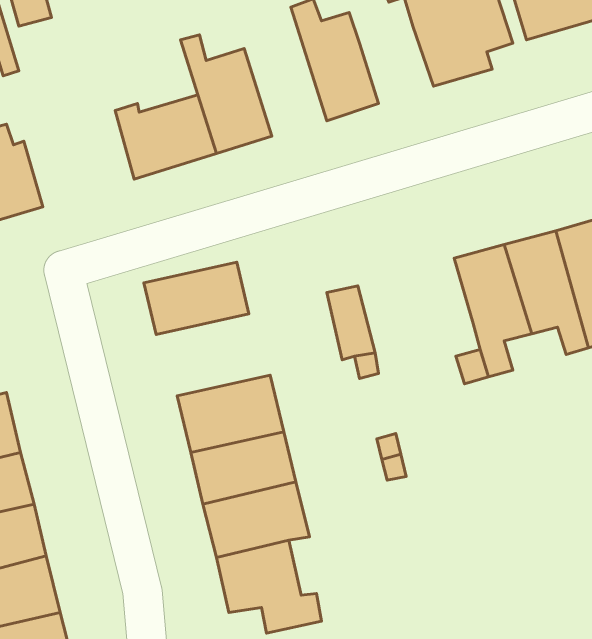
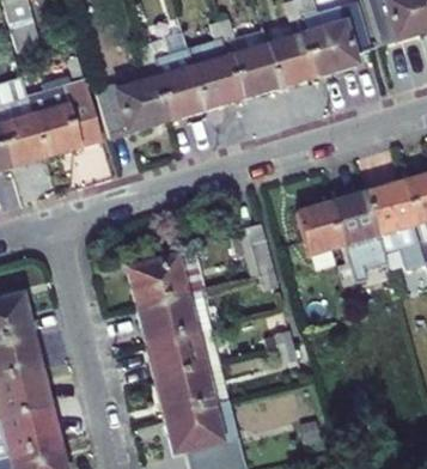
building: none -> [184,24,242,114]
building: none -> [264,37,316,91]
building: none -> [26,86,99,163]
building: none -> [300,199,343,254]
building: [144,262,249,335] -> [129,244,202,294]

